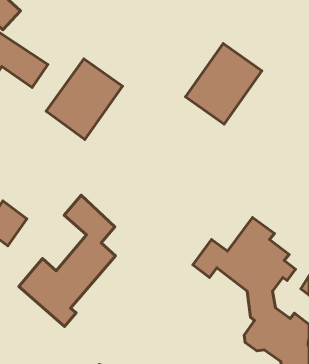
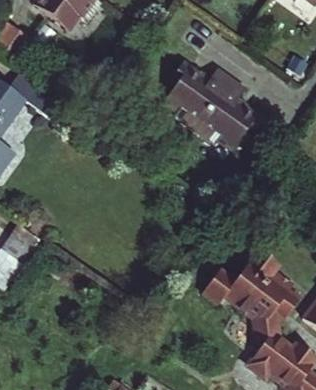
building: [46,59,123,140] -> [160,50,233,127]
building: [19,195,116,326] -> none

